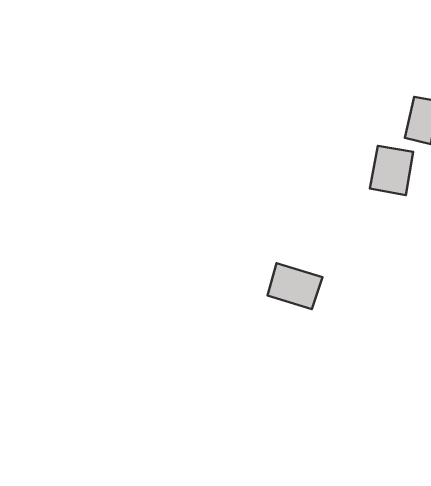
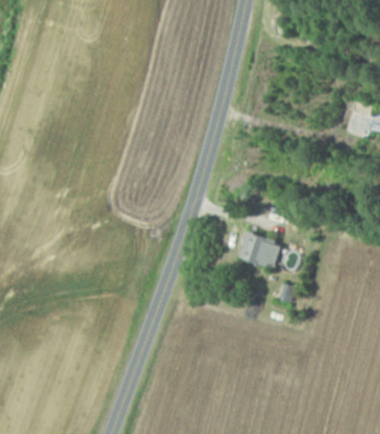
building: [370,146,413,195] -> none

